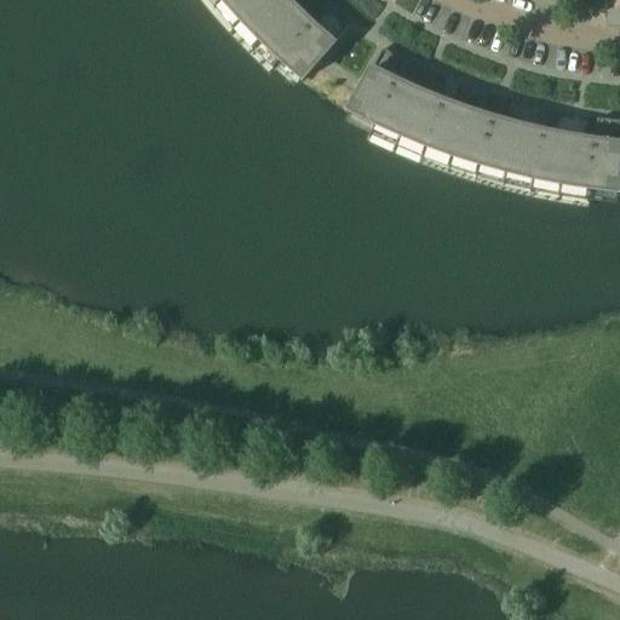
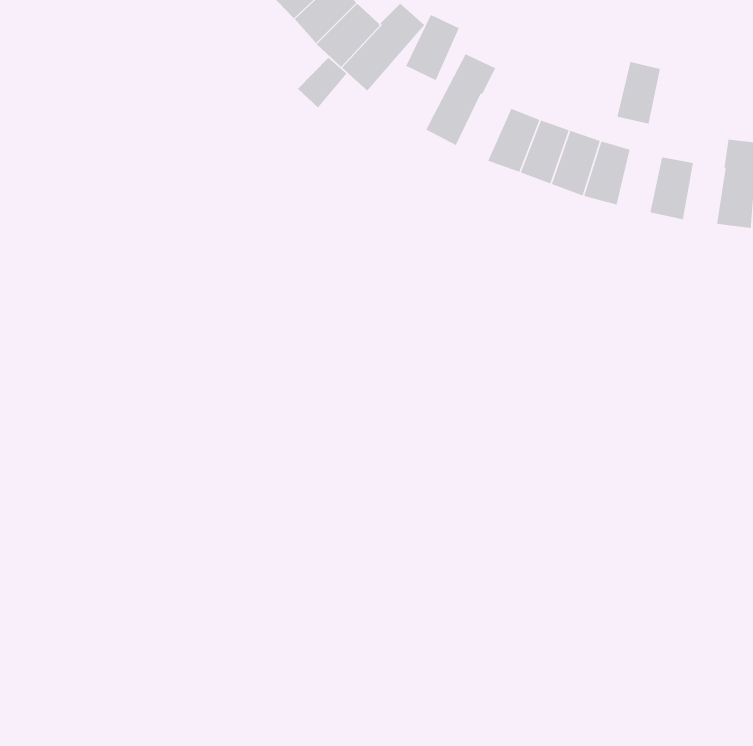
building: none -> [297,57,347,108]
building: [375,78,420,132] -> [405,15,460,81]
building: [507,122,544,174] -> [617,61,661,125]
building: [562,133,596,184] -> none

